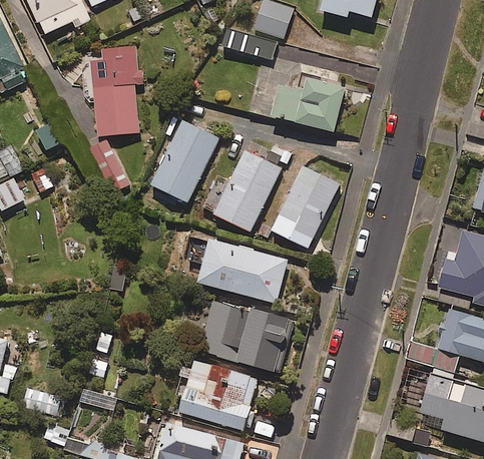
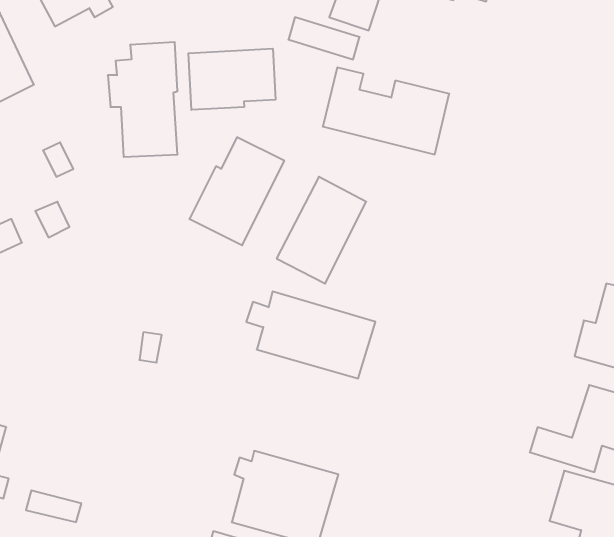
building: none -> [188,49,275,110]
building: [272,165,340,248] -> none
building: [200,300,295,372] -> none

